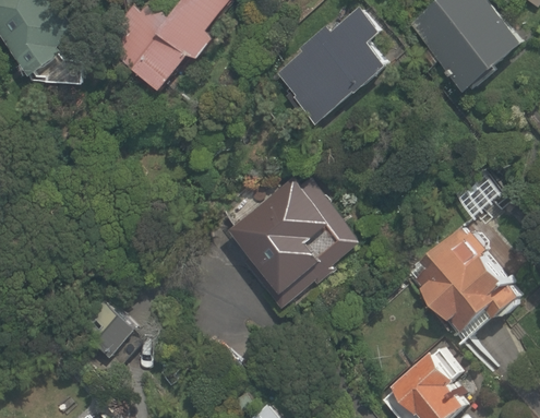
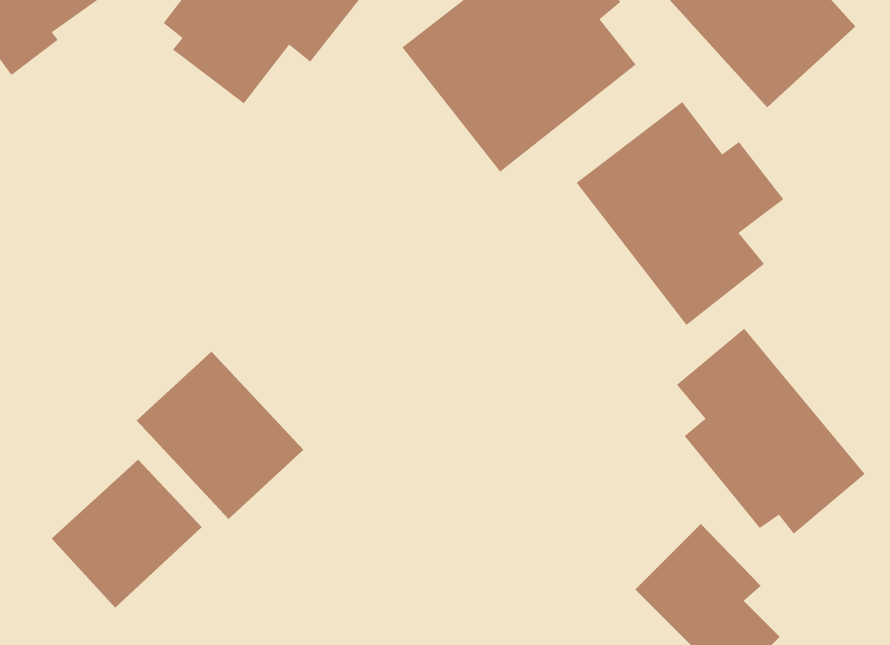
building: none -> [576,101,784,326]
building: [218,178,359,303] -> none
building: none -> [136,351,304,520]

